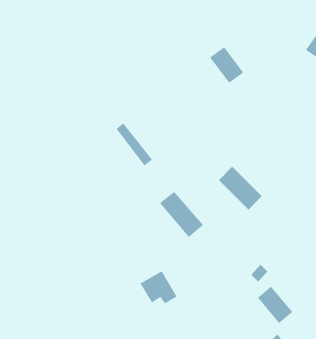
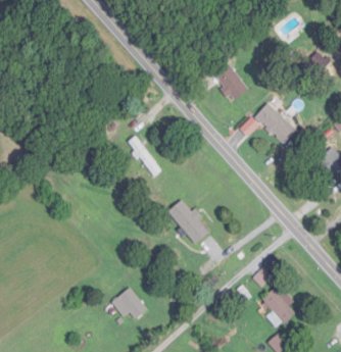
building: [218,166,263,210] -> [254,103,296,145]
building: [139,271,178,304] -> [110,288,146,319]

